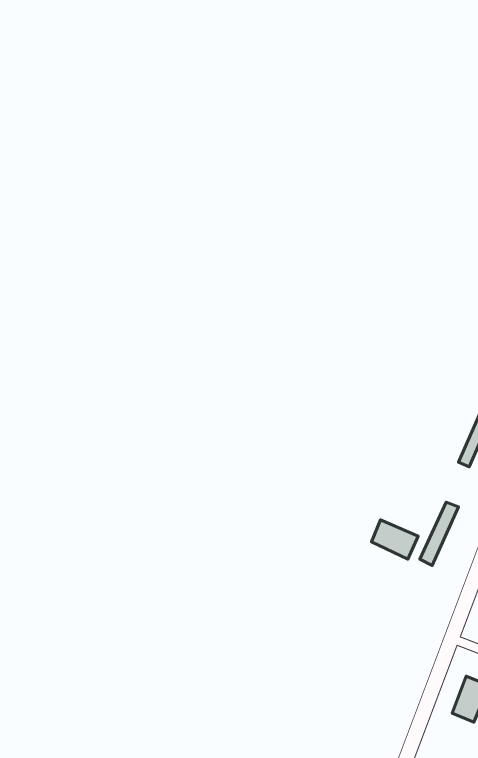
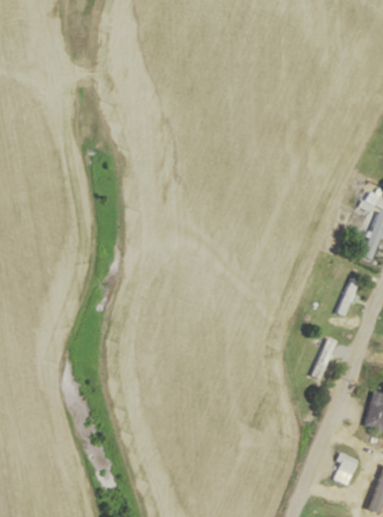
building: [371,520,418,559] -> none

